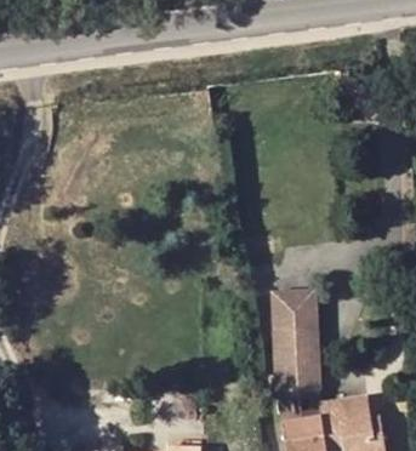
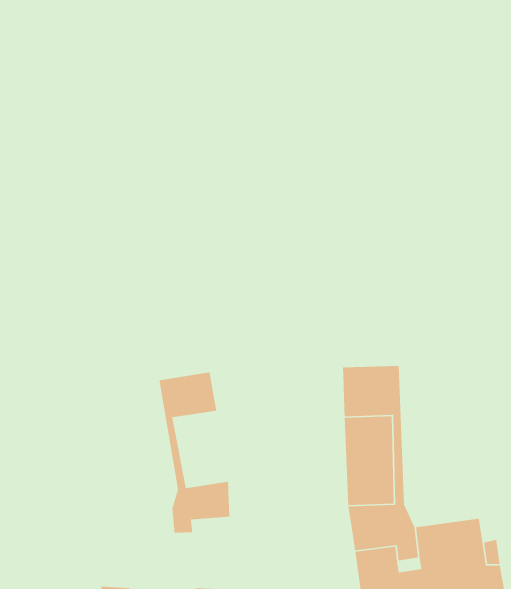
building: none -> [159,371,230,533]

